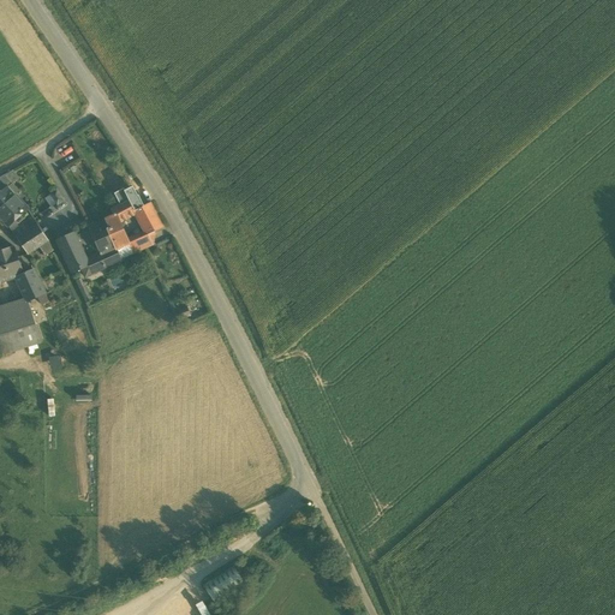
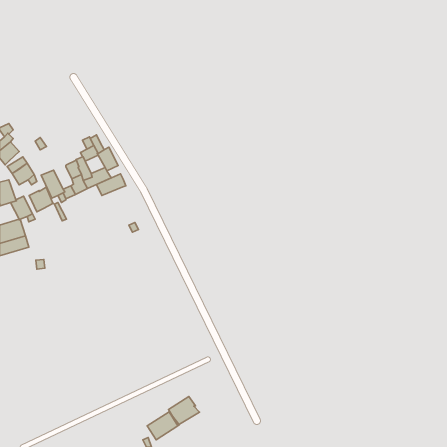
building: none -> [96,174,126,196]
building: none -> [29,187,54,212]
building: none -> [168,397,200,425]

